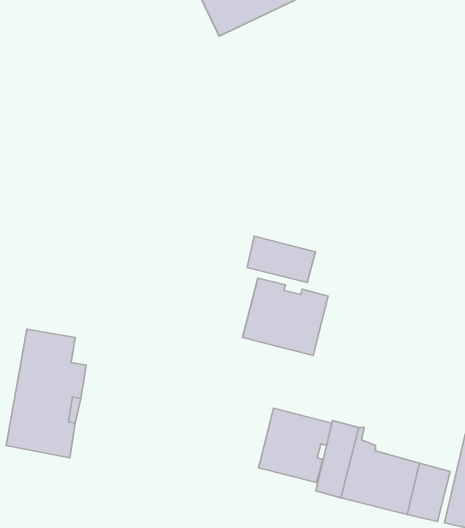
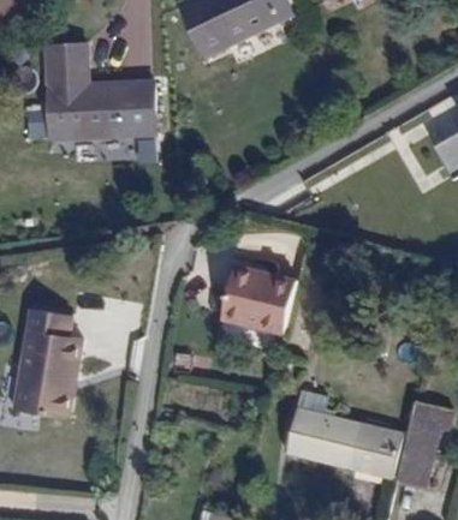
building: none -> [43,46,154,141]
building: [247,236,315,282] -> none
building: [258,408,332,483] -> none

